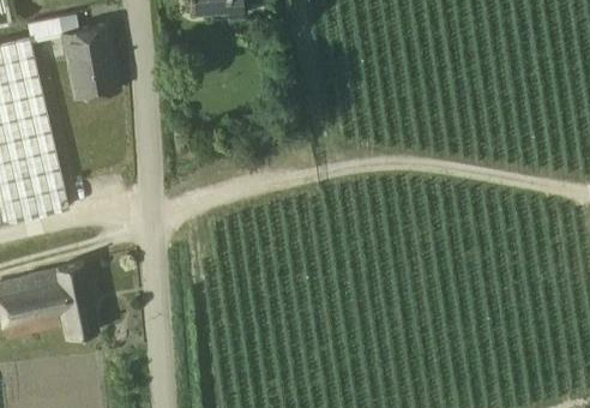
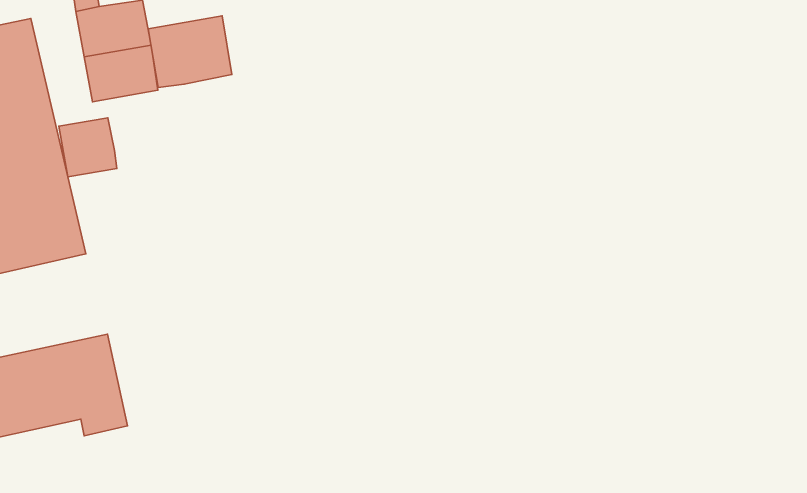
building: none -> [148,16,232,87]
building: none -> [59,118,117,177]

